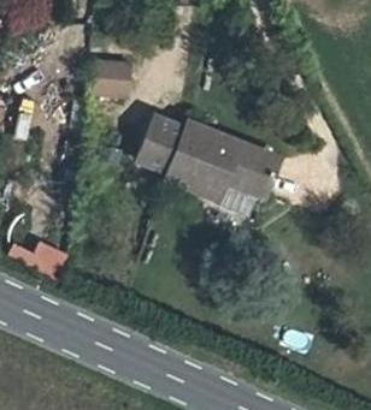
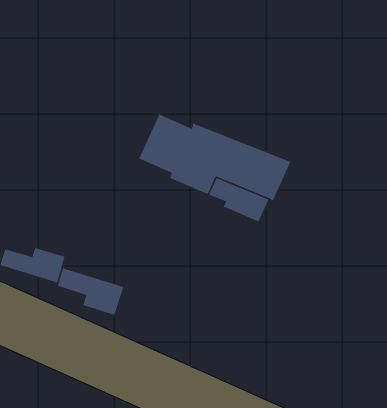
building: [88,57,126,96] -> none
building: none -> [57,268,125,316]

